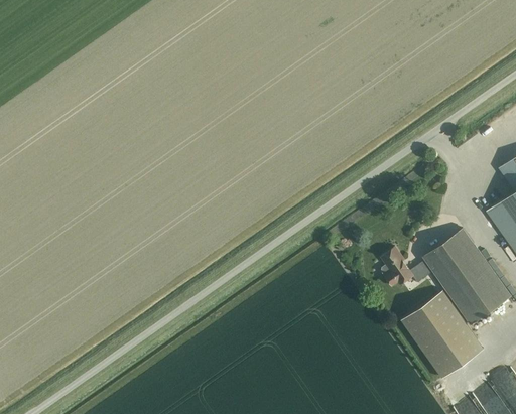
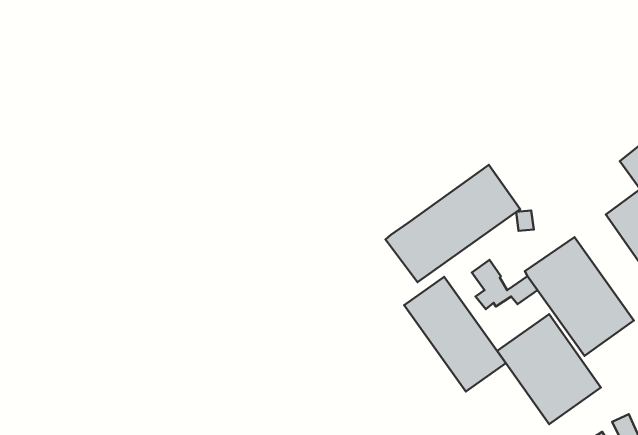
building: none -> [386,165,520,282]
building: none -> [404,277,506,392]

